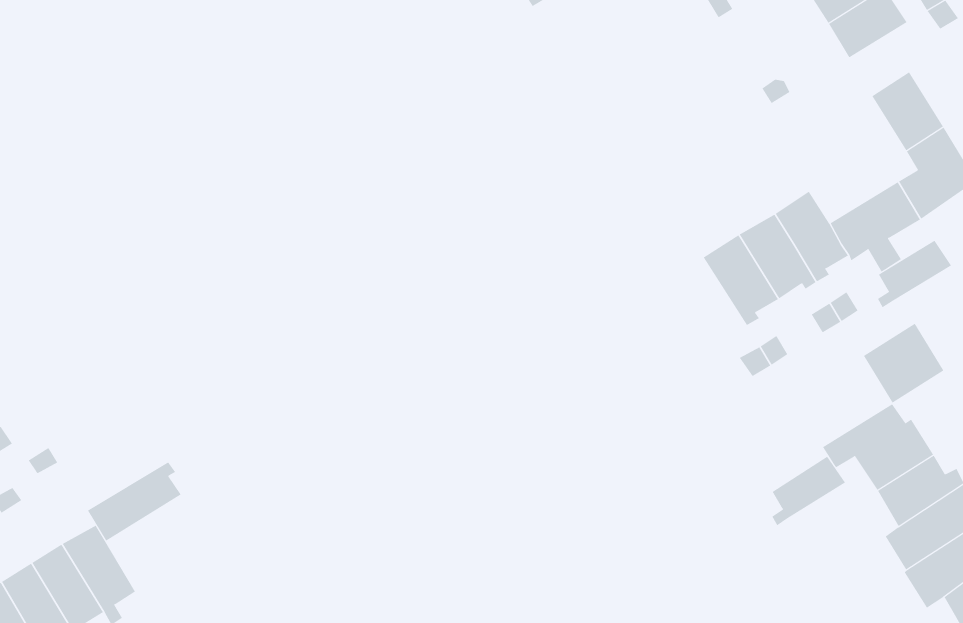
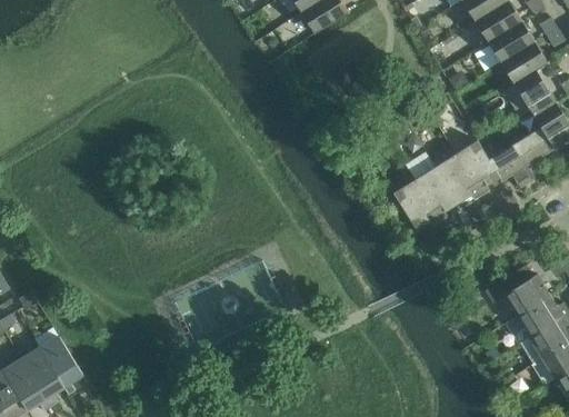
building: none -> [500,41,548,85]
building: [877,240,952,308] -> none
building: none -> [393,179,440,229]
building: [863,323,944,404] -> none
building: [771,456,846,526] -> none
building: [87,461,181,541] -> none

